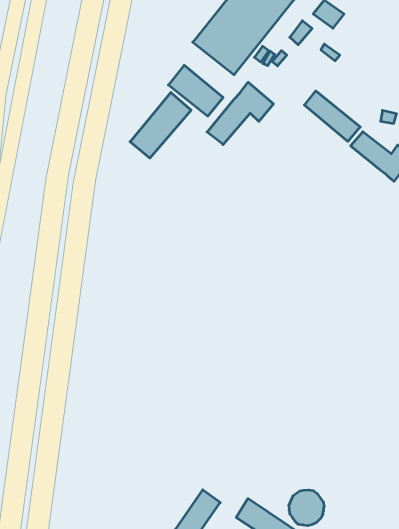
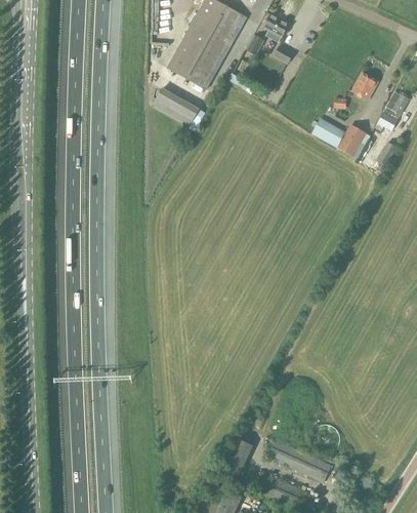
building: [207,82,273,145] -> none
building: [304,91,360,141] -> none
building: [130,92,191,158] -> none

